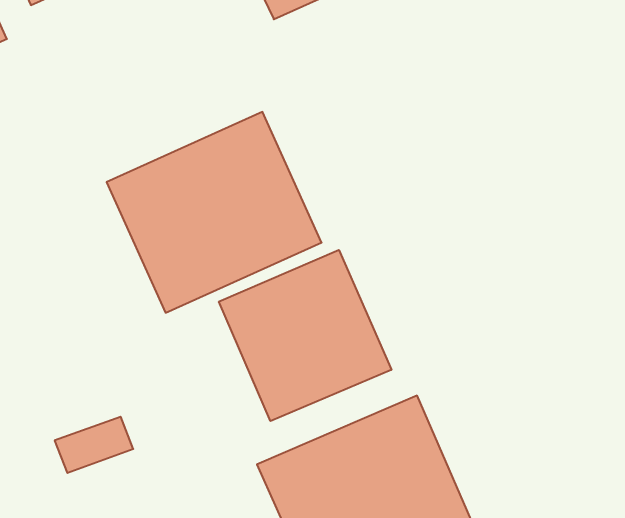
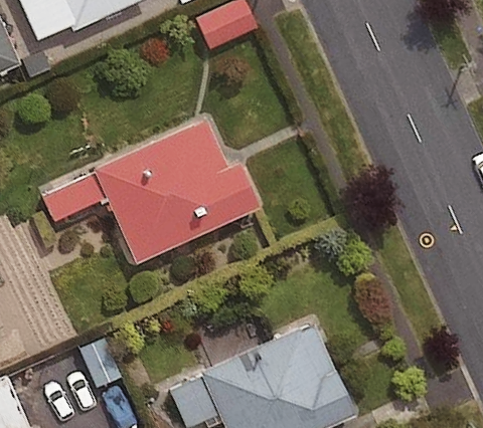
building: [219,250,391,421] -> none

